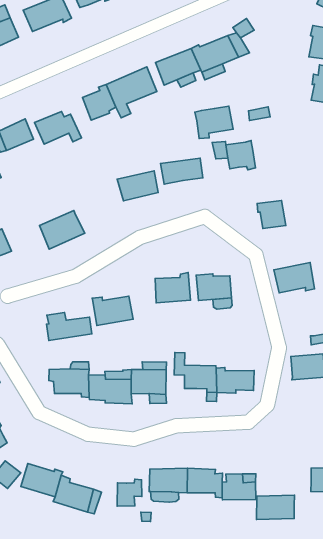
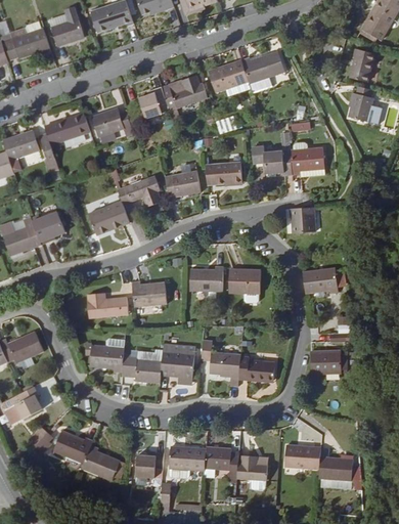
building: [195,106,233,139] -> [290,147,323,175]
building: none -> [115,169,162,206]
building: [256,495,295,519] -> [284,444,321,468]

